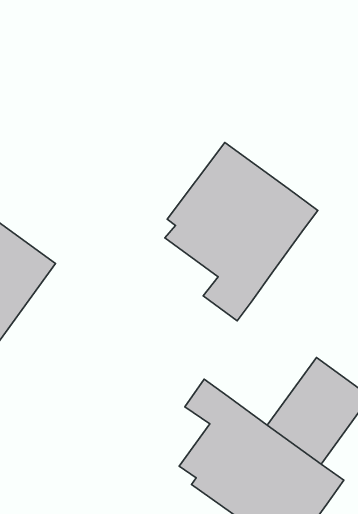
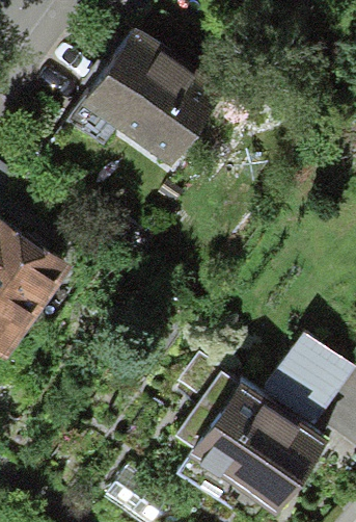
building: none -> [82,31,219,163]
building: [165,142,318,321] -> none

